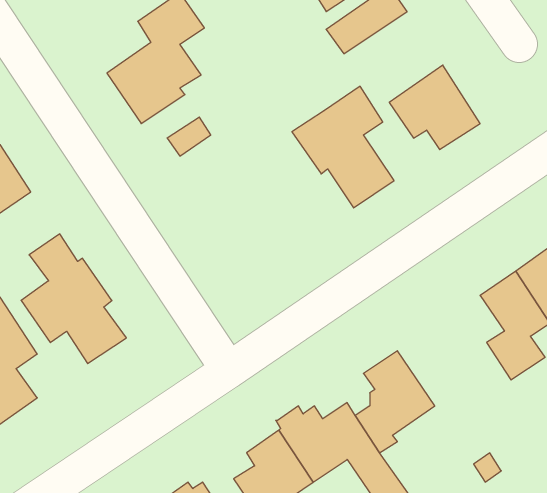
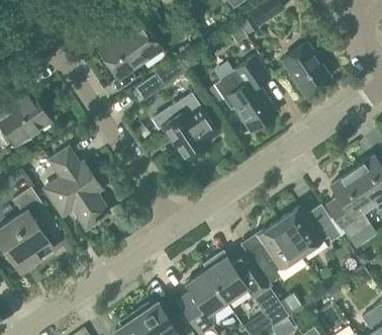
building: none -> [153,93,219,162]
building: none -> [279,206,342,255]

